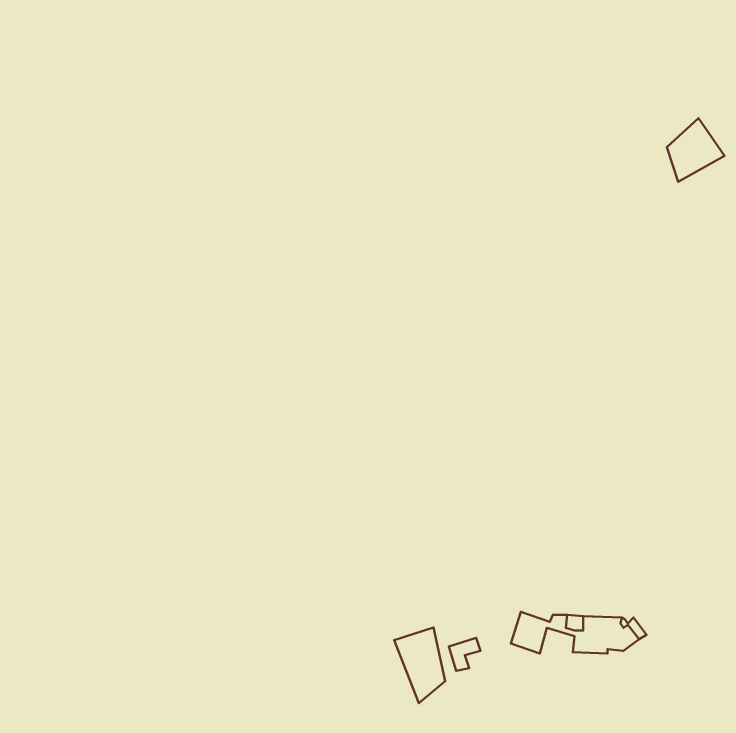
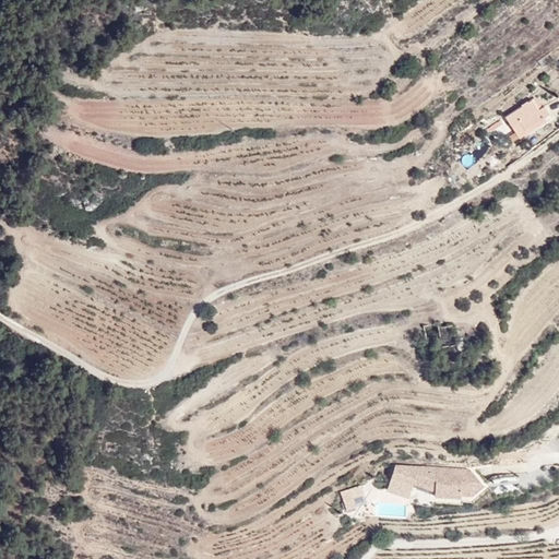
building: [394,628,445,703] -> none

